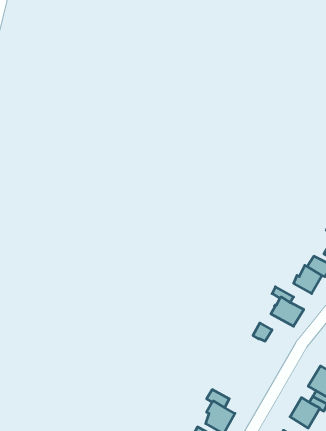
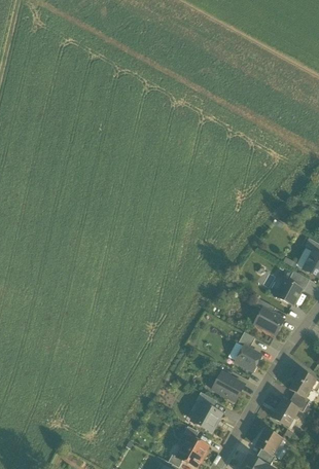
building: none -> [235,346,261,371]
building: none -> [212,371,245,401]

